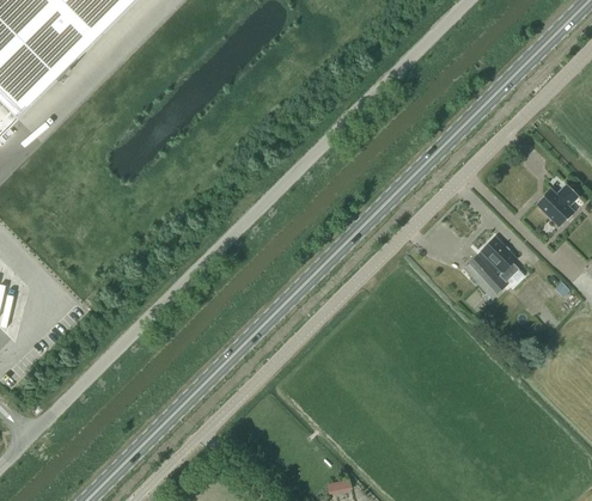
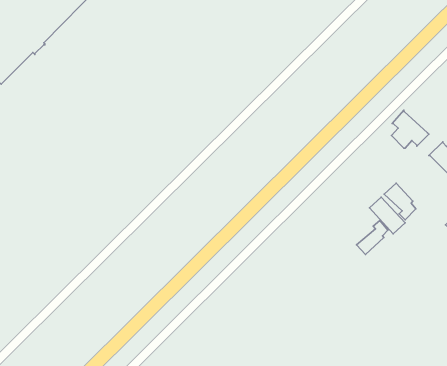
building: none -> [391,110,429,148]
building: none -> [357,221,388,254]

